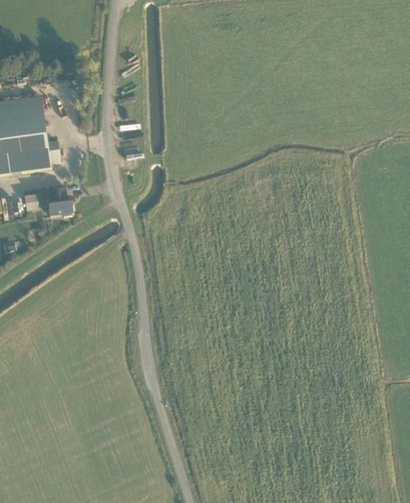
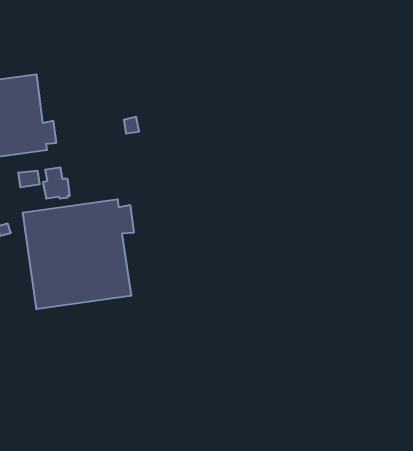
building: none -> [23,199,134,309]

